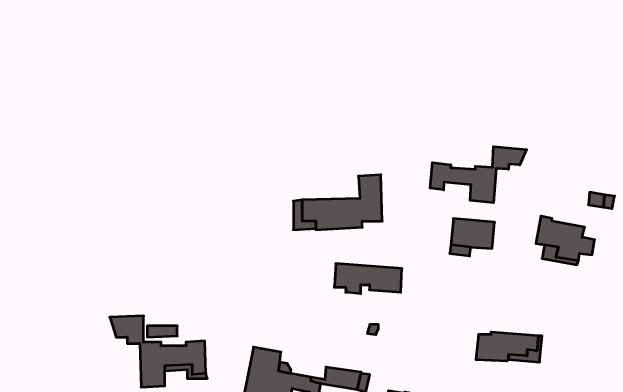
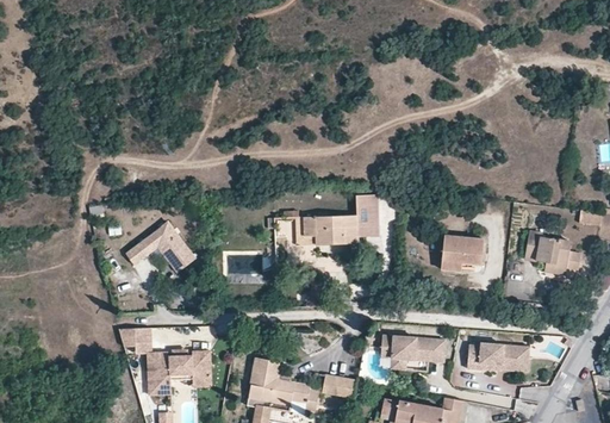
building: [430,147,527,203] -> none
building: none -> [126,222,195,273]
building: [334,264,402,294] -> [380,335,444,363]

